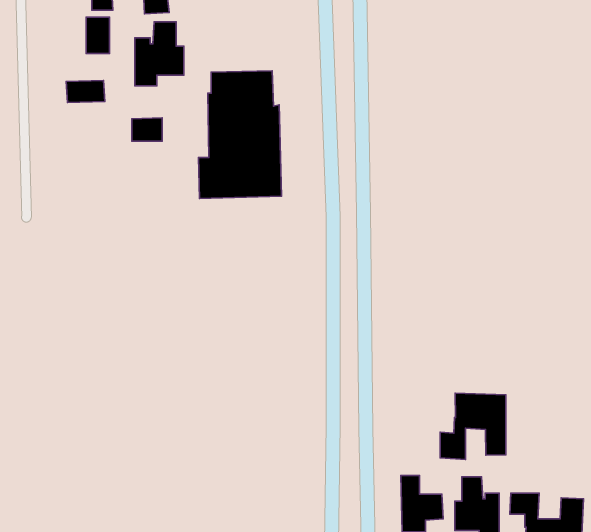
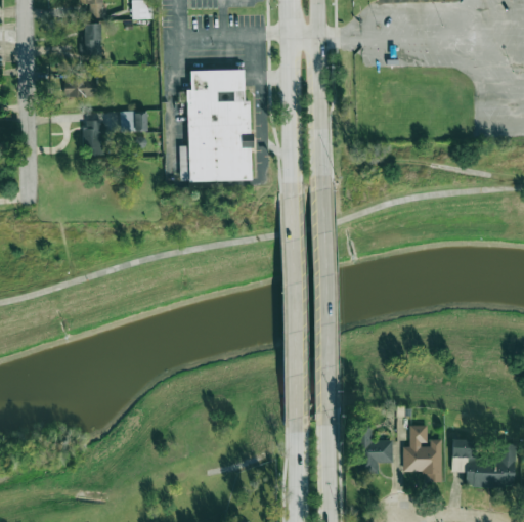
building: [135,22,184,86] -> none
building: none -> [84,120,114,155]
building: [440,393,506,459] -> none

